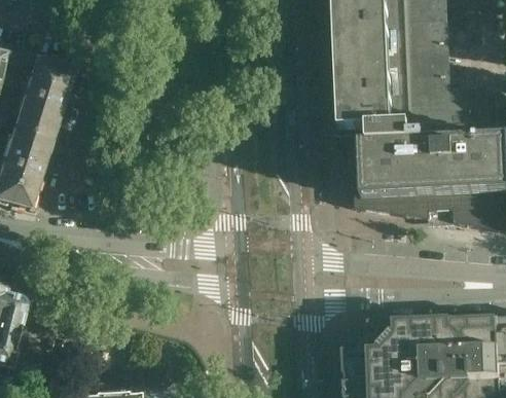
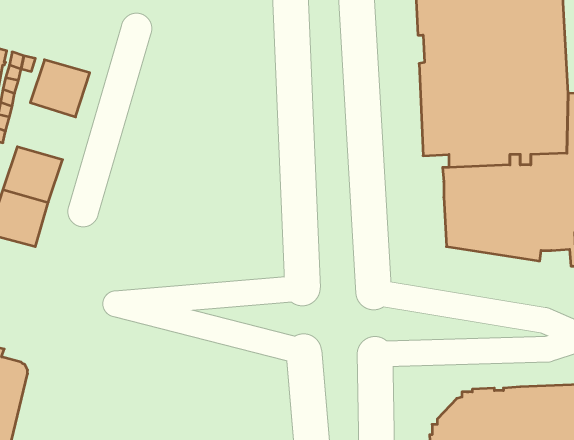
building: [14,91,61,136] -> none

